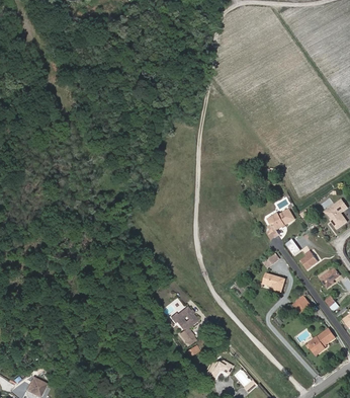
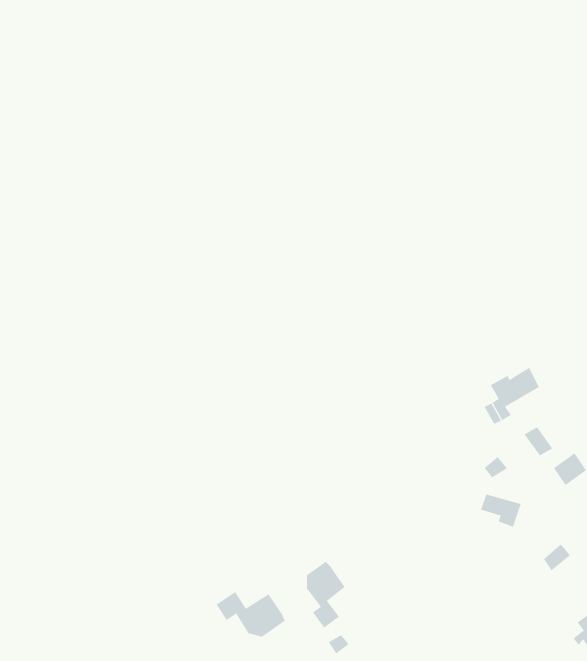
building: none -> [216,591,286,638]

